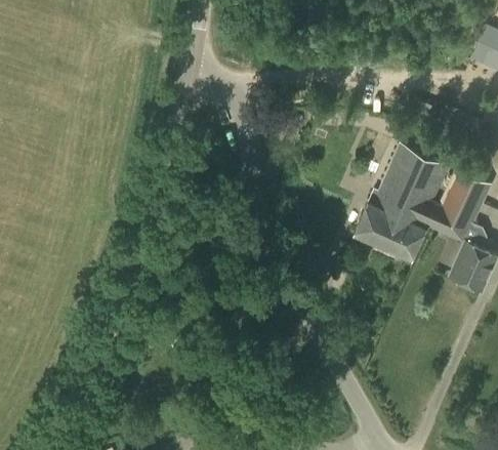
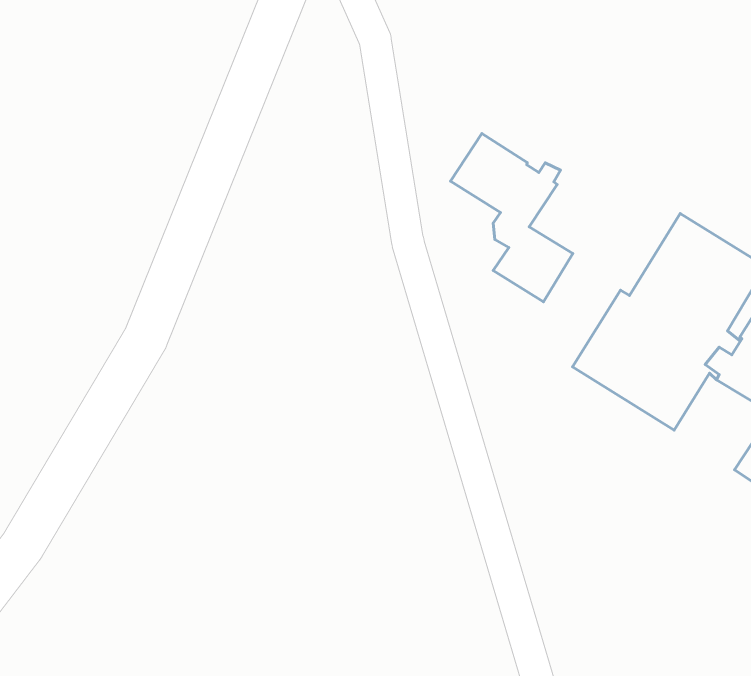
building: none -> [450,133,573,302]

